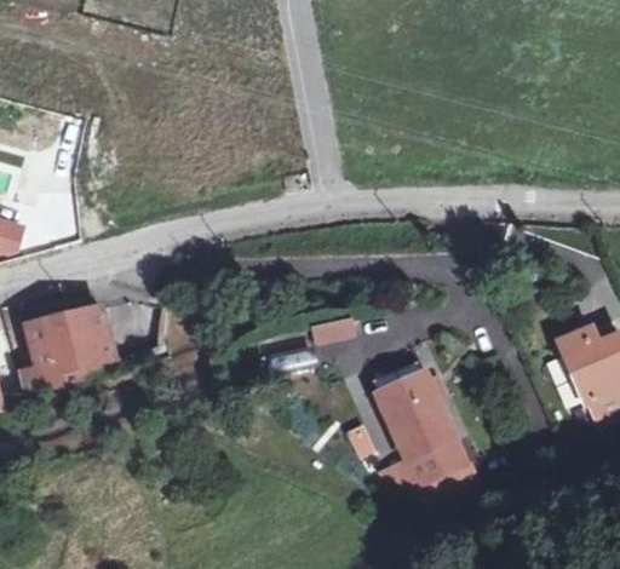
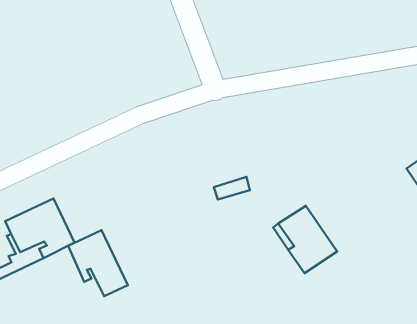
building: none -> [68,230,128,296]
building: [380,433,473,499] -> none

